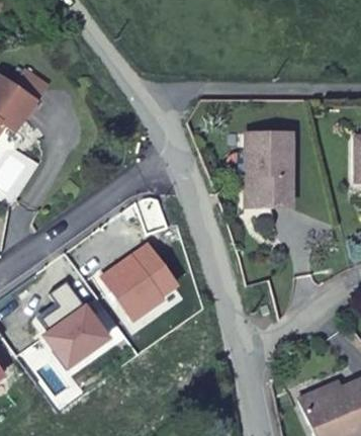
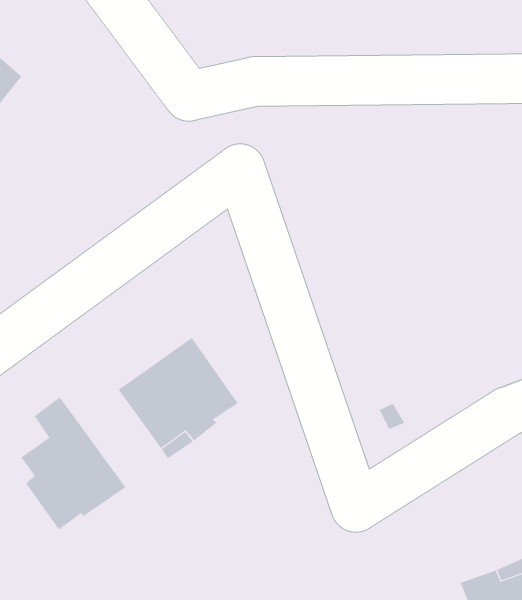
building: [230,136,295,209] -> none

